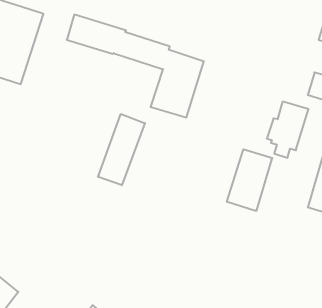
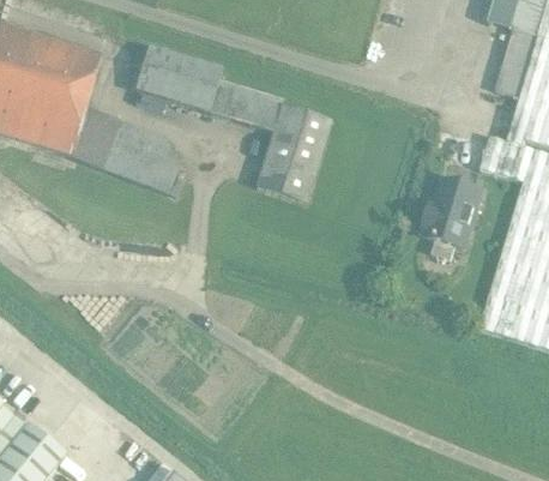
building: [98,114,145,185] -> none
building: [227,149,272,211] -> none

